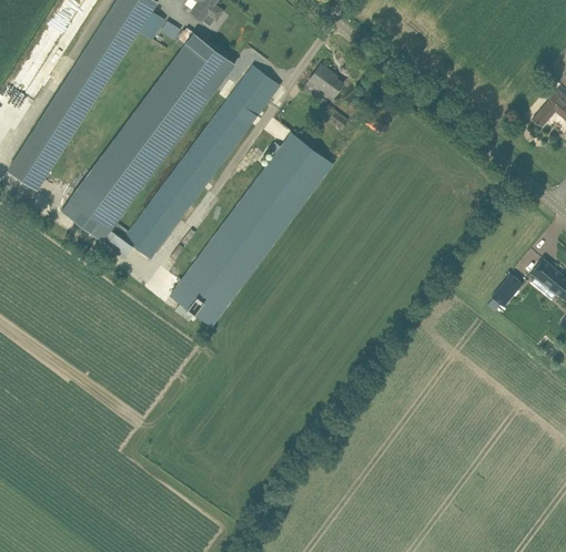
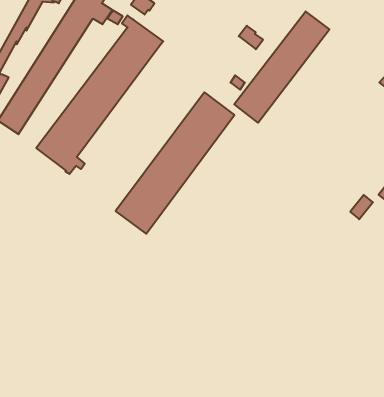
building: none -> [234,11,329,123]
building: [123,65,280,259] -> none
building: [310,65,343,98] -> [239,26,263,49]

